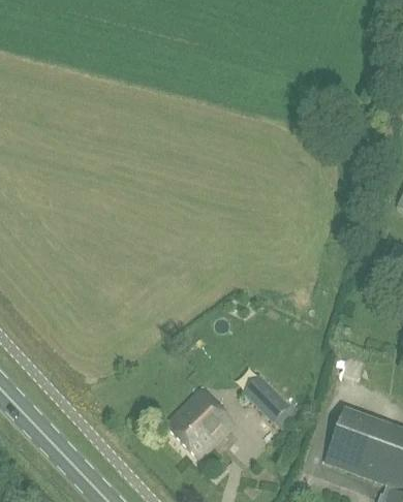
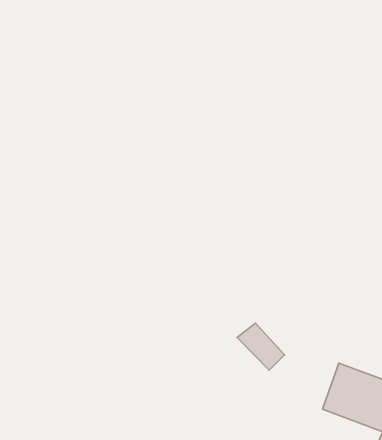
building: [166,388,236,457] -> none

